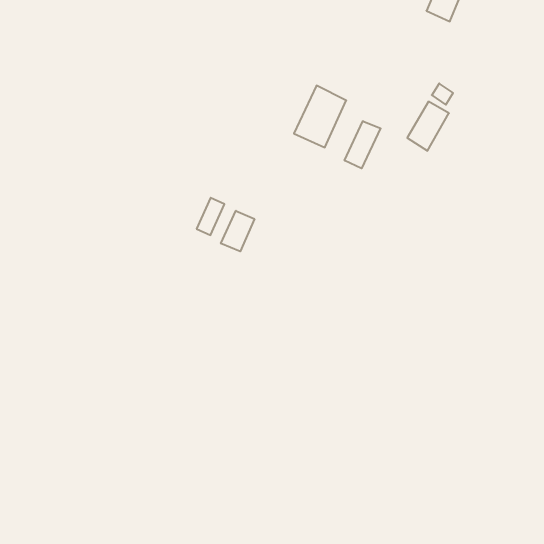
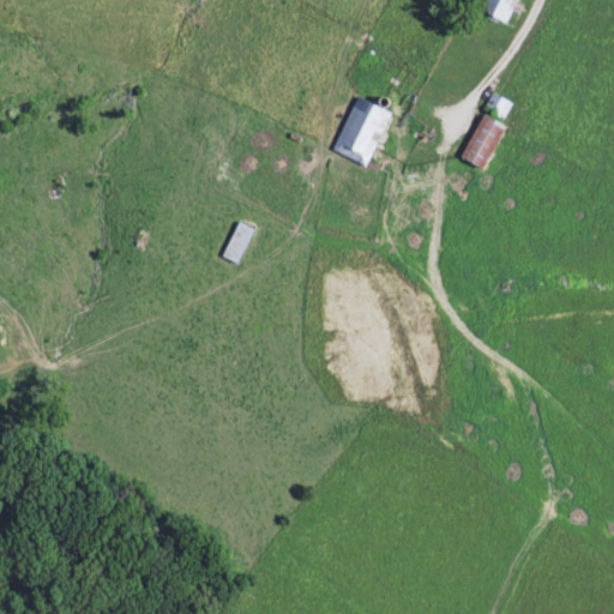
building: [345,121,381,168] -> none
building: [221,211,254,251] -> none

